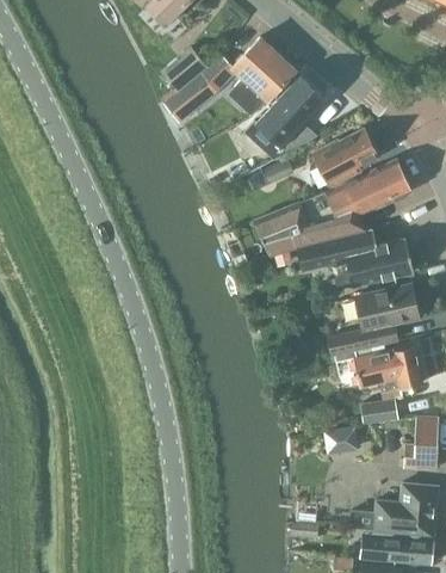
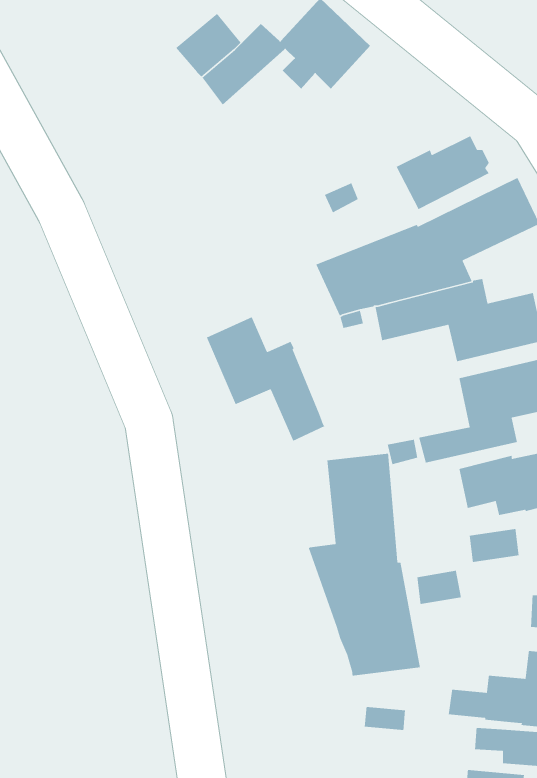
building: [243,74,324,159] -> none
building: none -> [206,316,326,442]
building: none -> [308,453,421,676]

